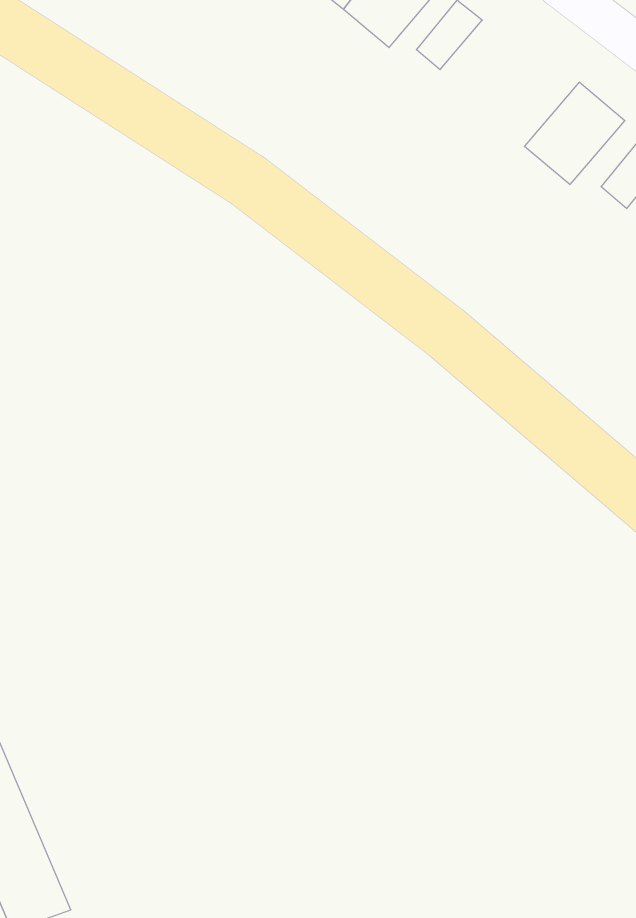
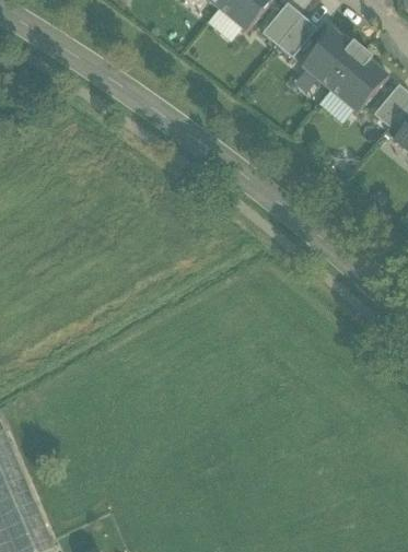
building: none -> [276,13,316,56]
building: none -> [300,28,359,89]

